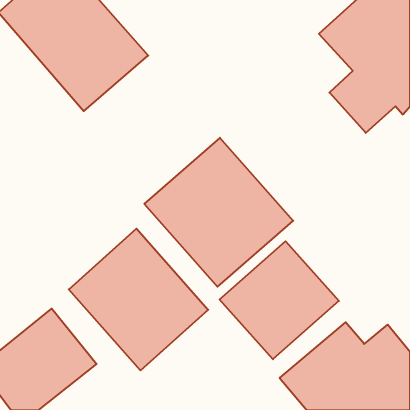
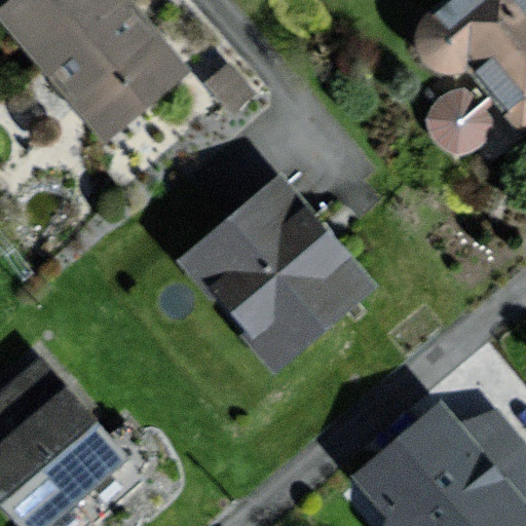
building: [69,229,208,370] -> none
building: [220,241,339,359] -> none

